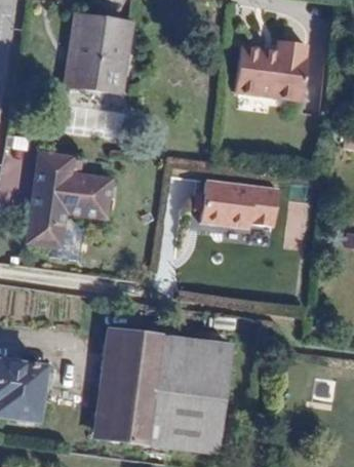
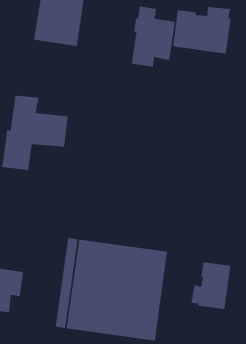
building: none -> [131,6,176,68]
building: [197,178,276,226] -> none
building: none -> [191,261,231,310]

